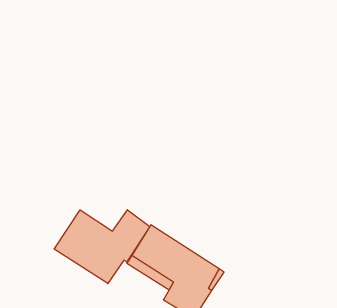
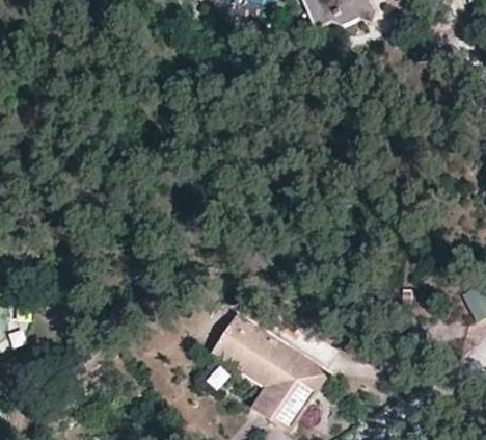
building: [54,210,150,284] -> none

